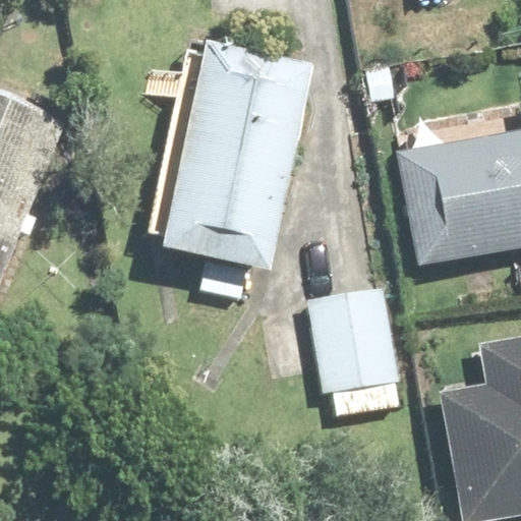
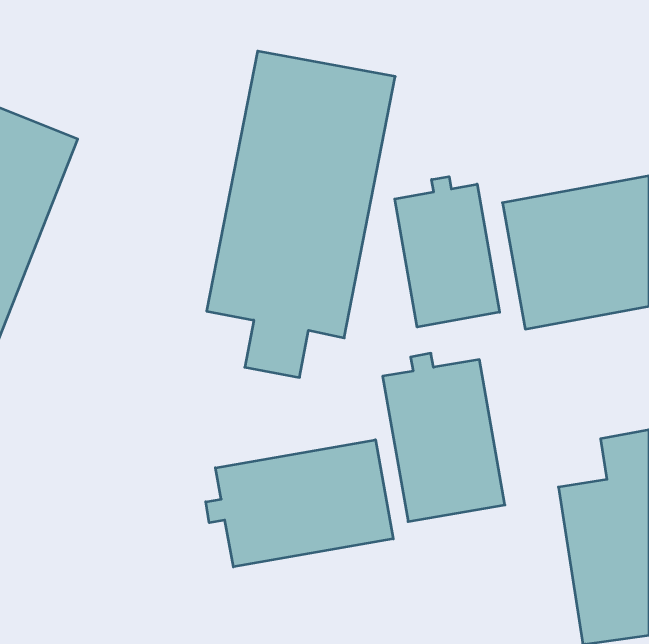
building: none -> [395,177,500,327]
building: none -> [206,440,393,567]

